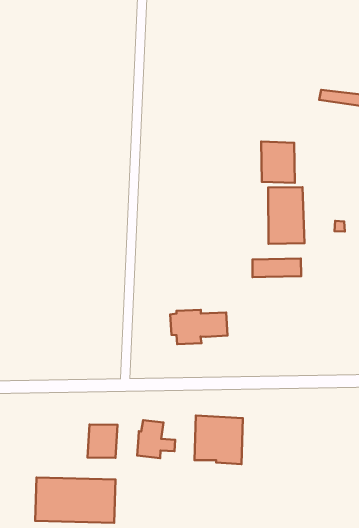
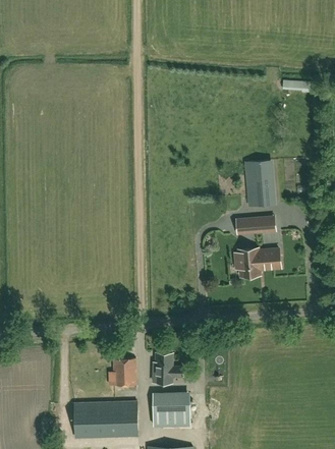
building: [261,142,295,183] -> none
building: [170,310,228,344] -> [233,247,280,276]
building: [195,415,243,464] -> [154,391,192,428]

